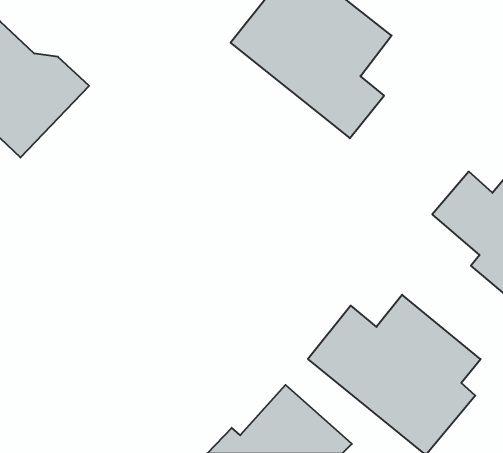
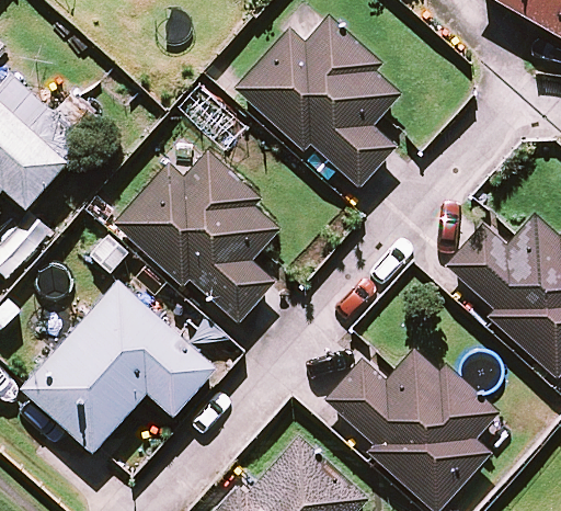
building: none -> [114,156,284,322]
building: none -> [23,283,214,451]

